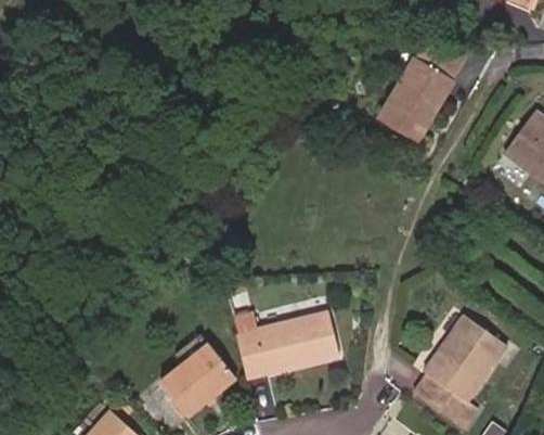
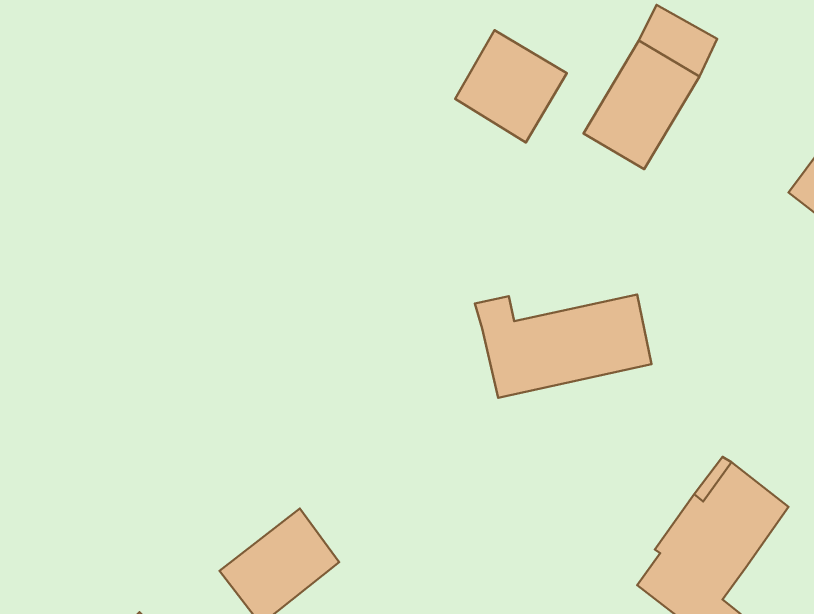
building: none -> [455,30,567,143]
building: [231,312,338,375] -> [475,294,652,398]

